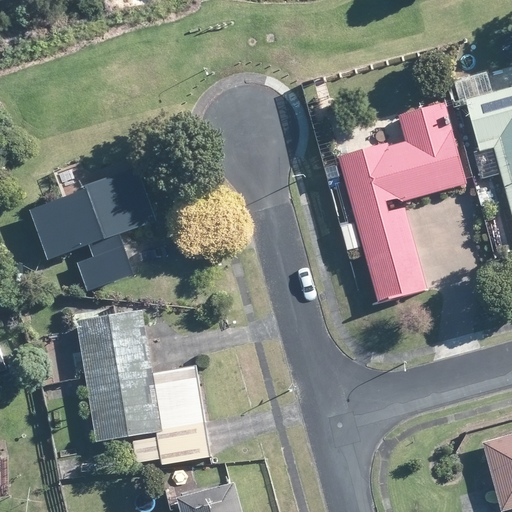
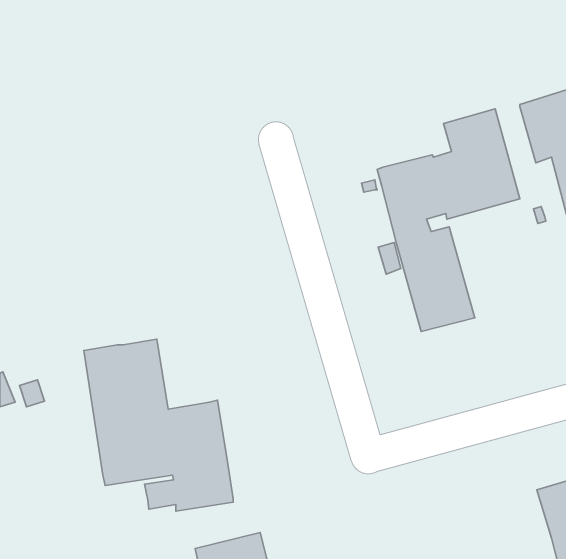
building: [41,164,167,290] -> none

